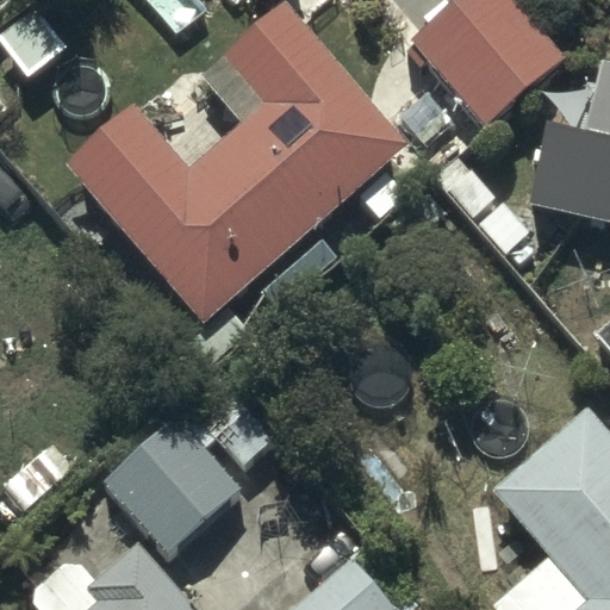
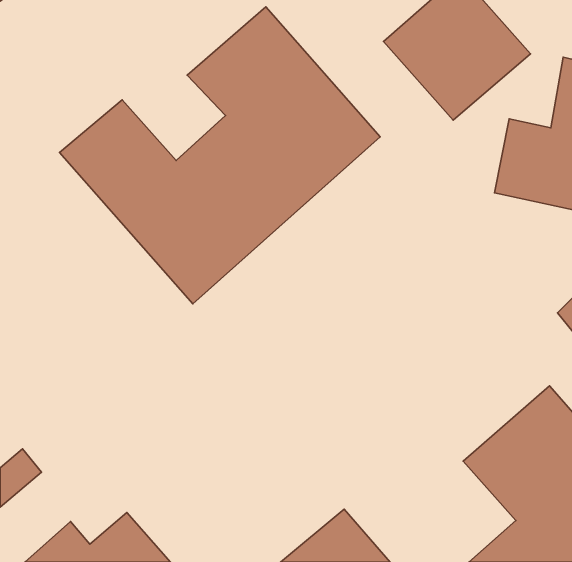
building: [105,373,273,553] -> none

